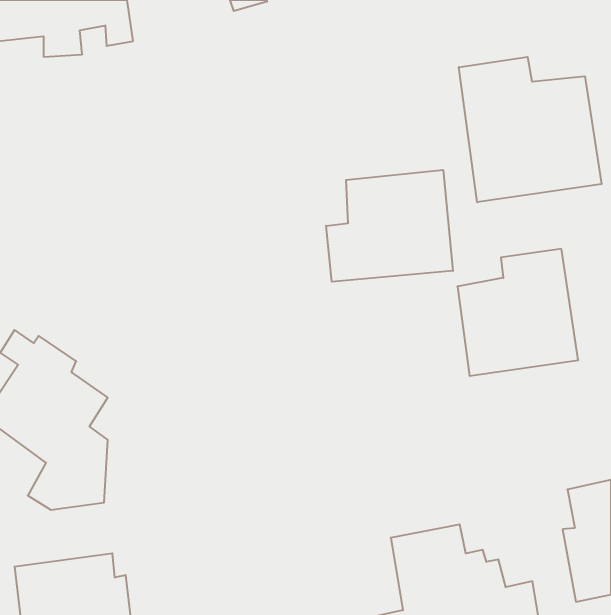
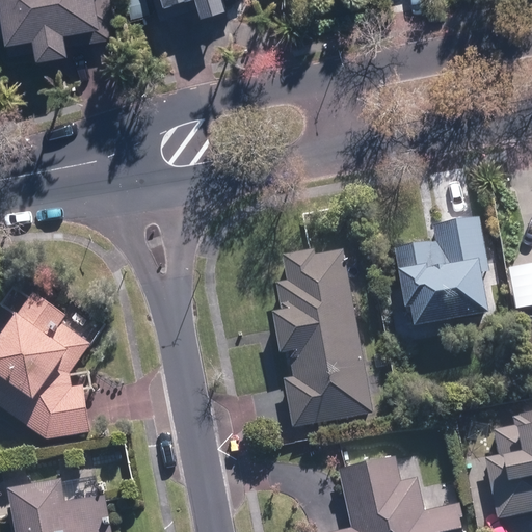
building: [459,57,601,202] -> none
building: [326,170,453,282] -> none
building: none -> [272,245,366,425]

